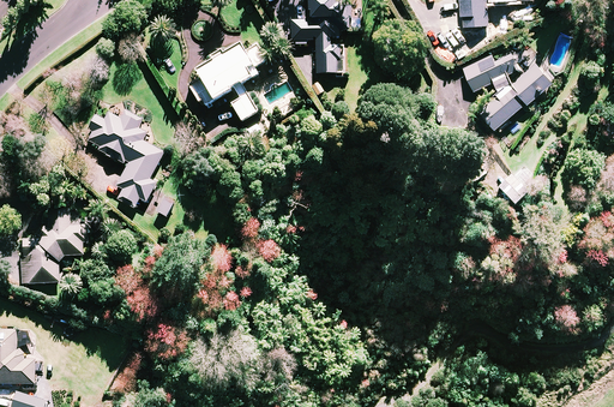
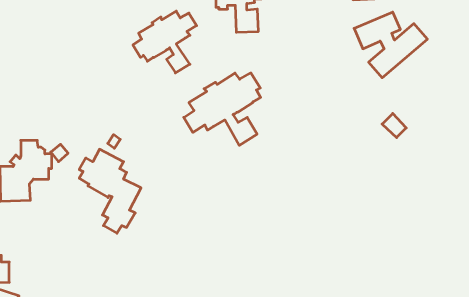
building: [86,100,163,204] -> [79,149,141,233]
building: none -> [184,73,261,145]

